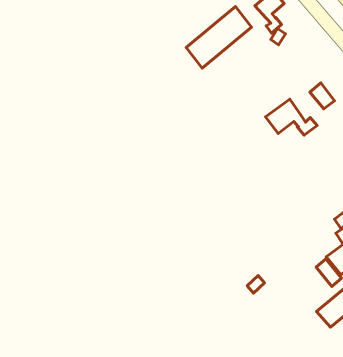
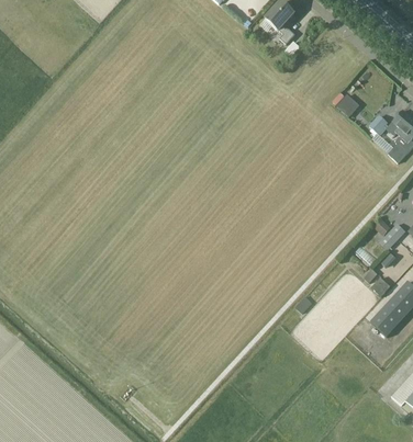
building: [186,7,251,68] -> none
building: [266,99,317,135] -> none

